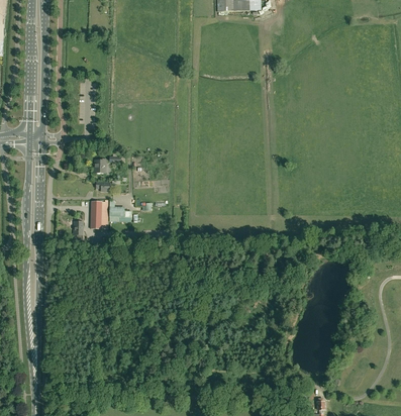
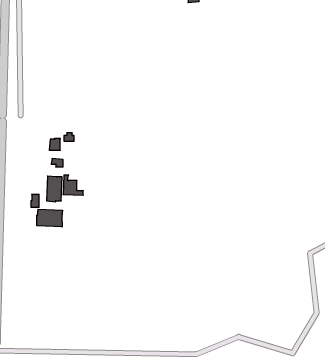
building: none -> [37,209,62,227]

